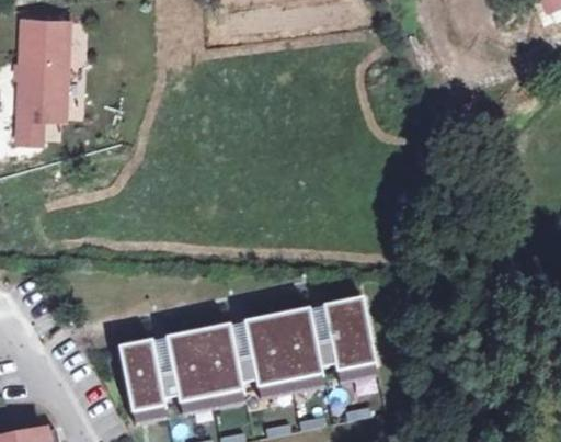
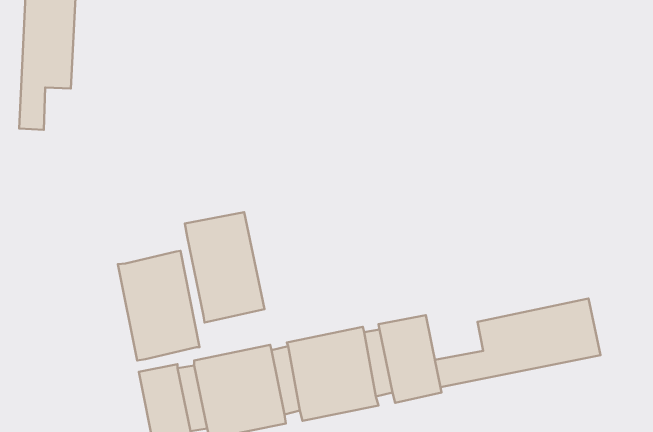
building: none -> [185,212,265,323]
building: none -> [118,251,200,360]
building: none -> [435,298,600,387]

